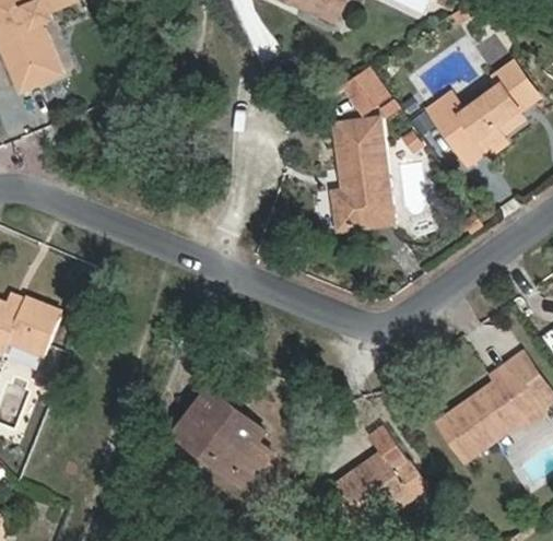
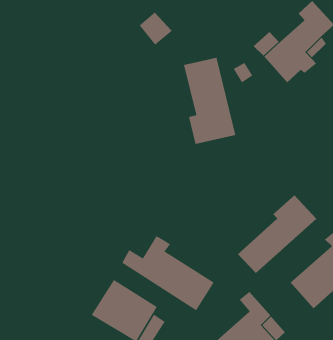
building: [346,68,389,111] -> [139,12,172,46]
building: none -> [237,194,317,274]
building: none -> [122,235,215,311]

